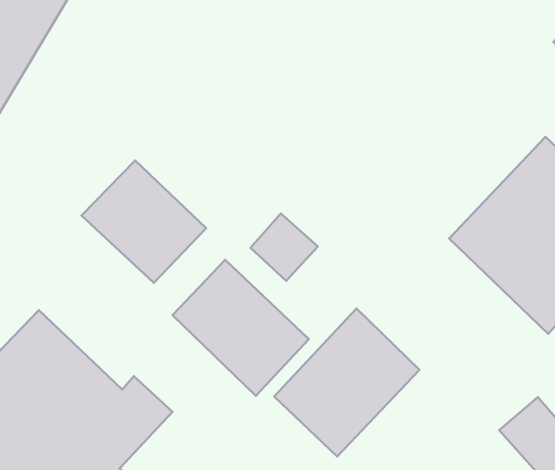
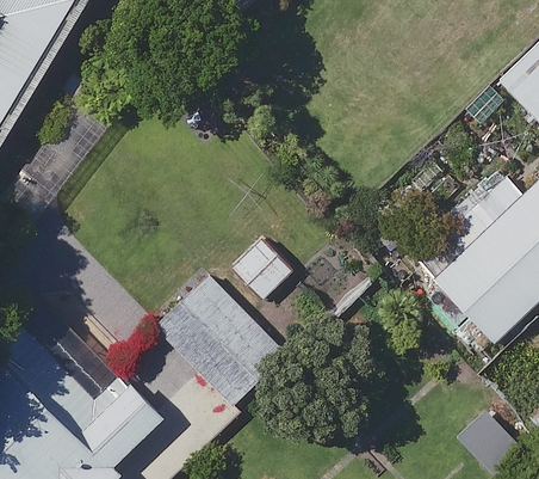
building: [82,161,206,283] -> none
building: [274,309,420,456] -> none

